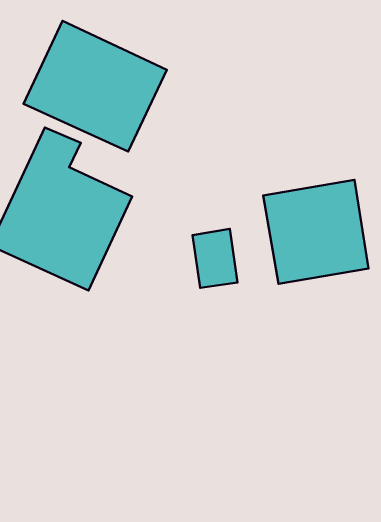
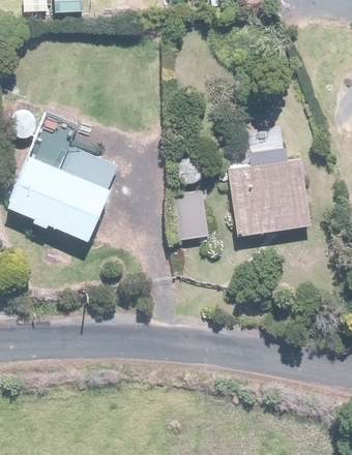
building: [24,21,167,152] -> none

